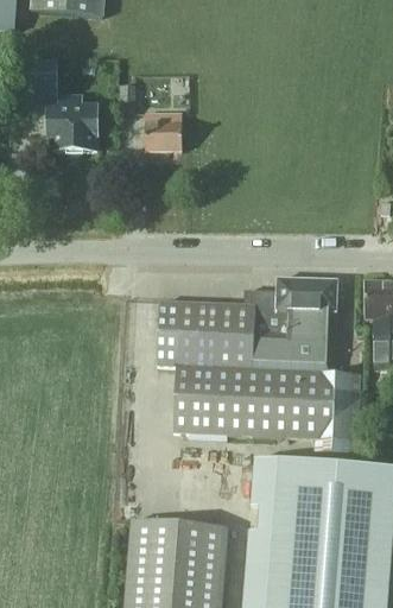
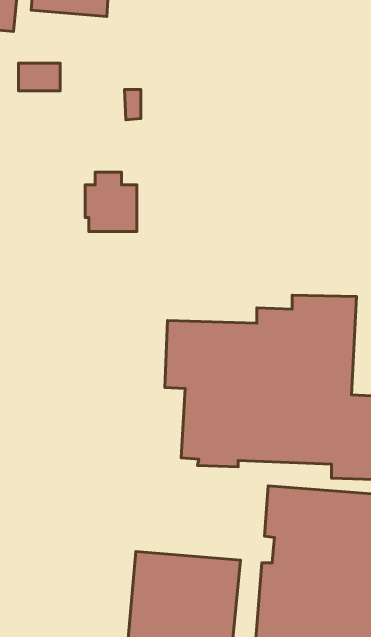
building: [49,95,97,151] -> [85,172,137,231]
building: [145,113,182,151] -> none

